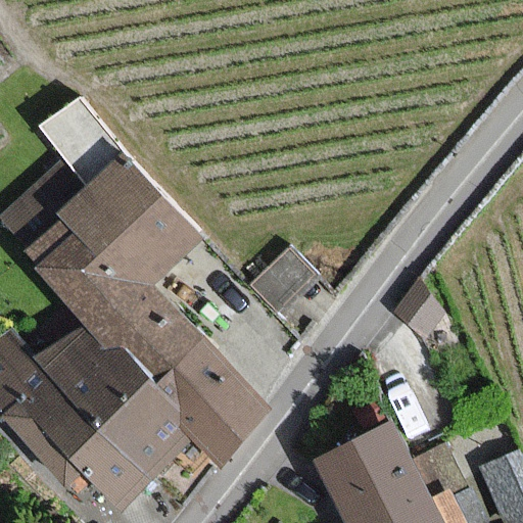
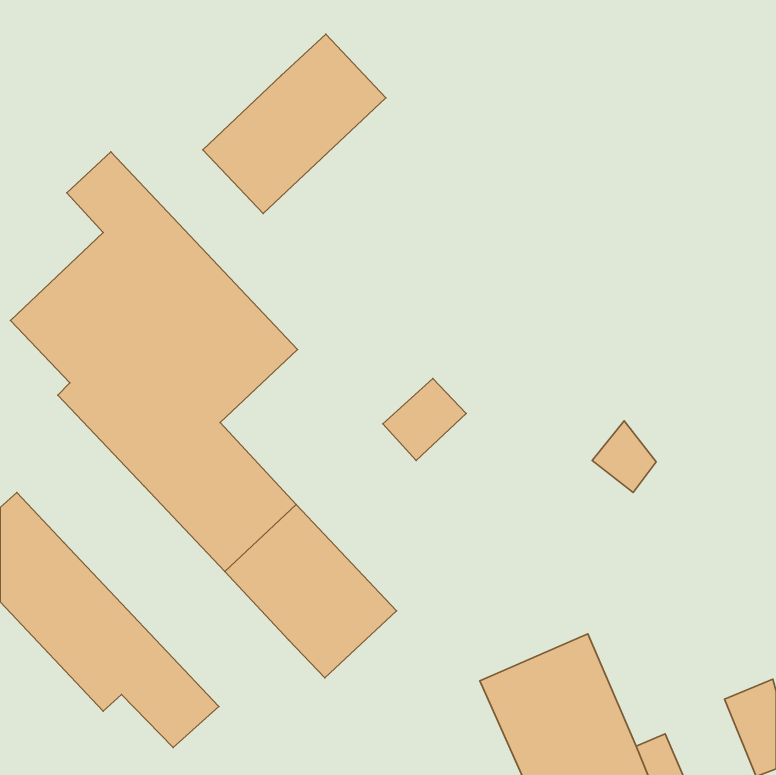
building: none -> [203,34,386,214]
building: [43,328,194,476] -> none

